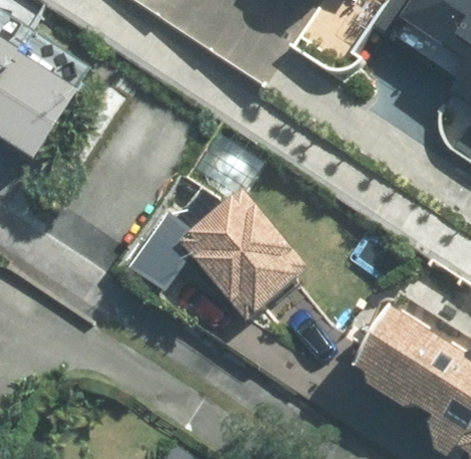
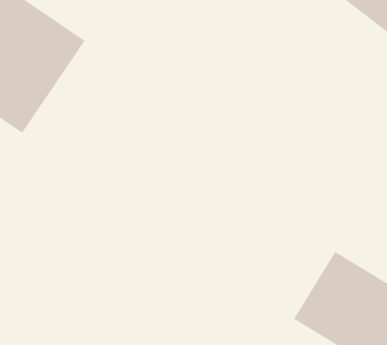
building: [174,177,317,324] -> none

